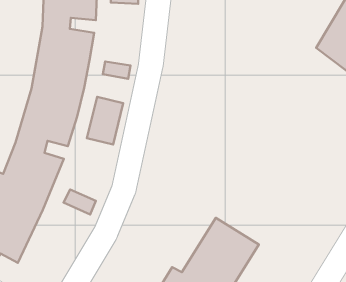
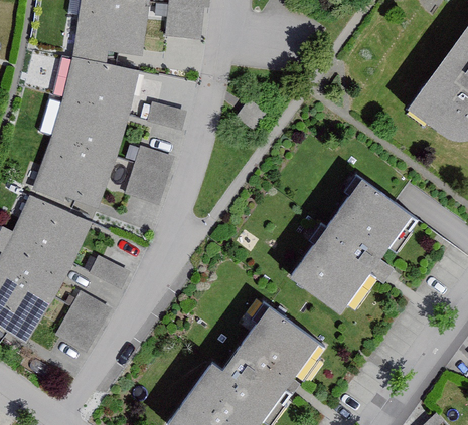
building: none -> [293,177,413,310]
building: none -> [53,292,107,353]

